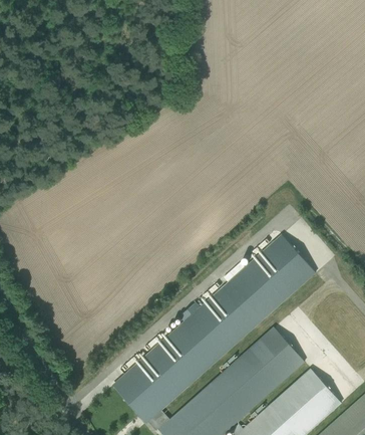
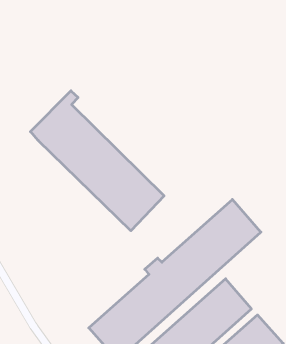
building: none -> [30,91,164,231]

